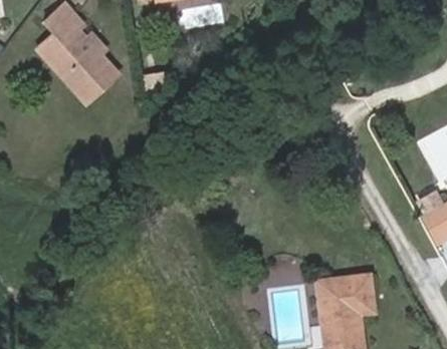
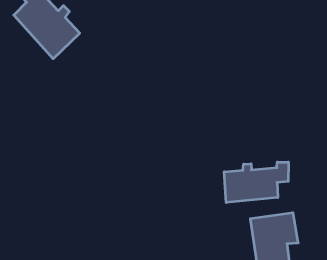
building: none -> [224,162,288,203]

